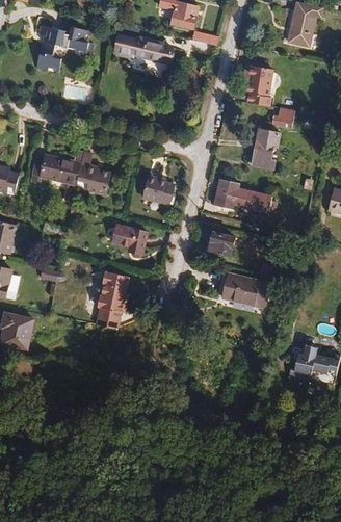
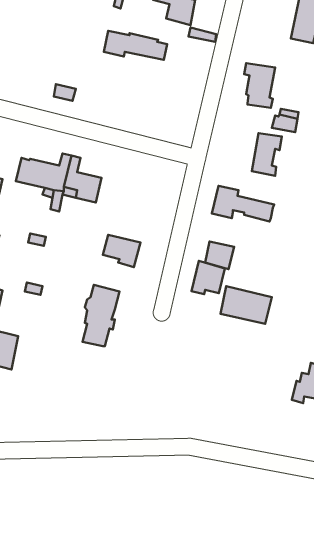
building: [36,25,91,74] -> none
building: [142,175,174,205] -> none
building: none -> [192,261,225,294]

